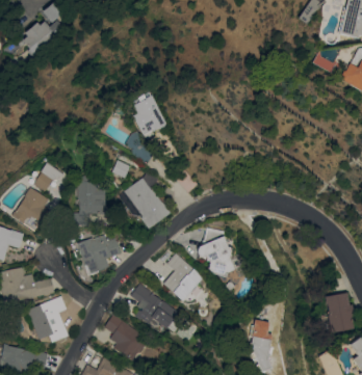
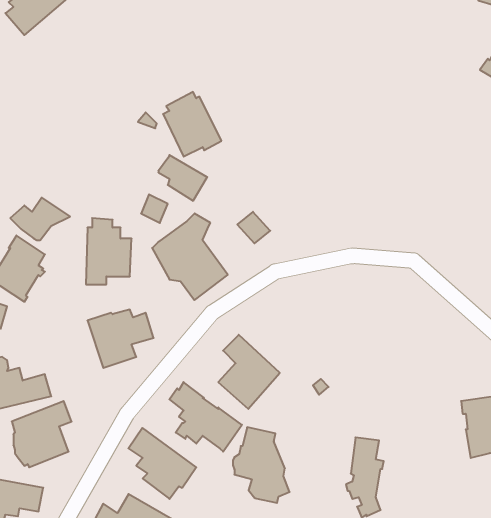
building: [198,227,235,277] -> [233,427,290,503]

